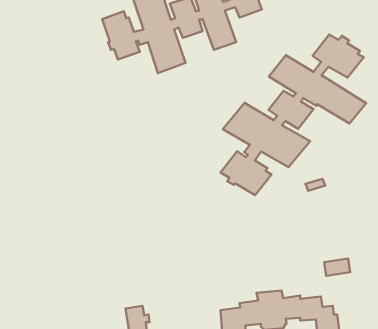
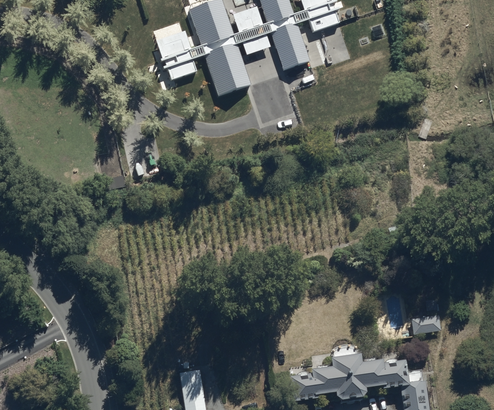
building: [220,35,366,195] -> none

